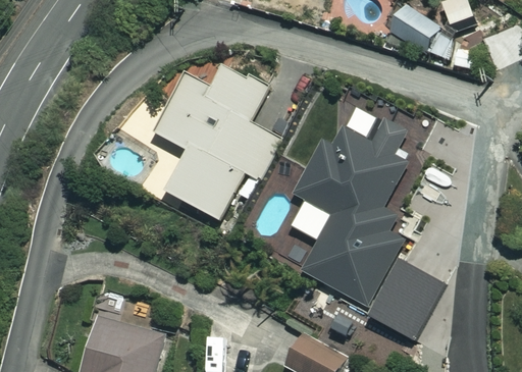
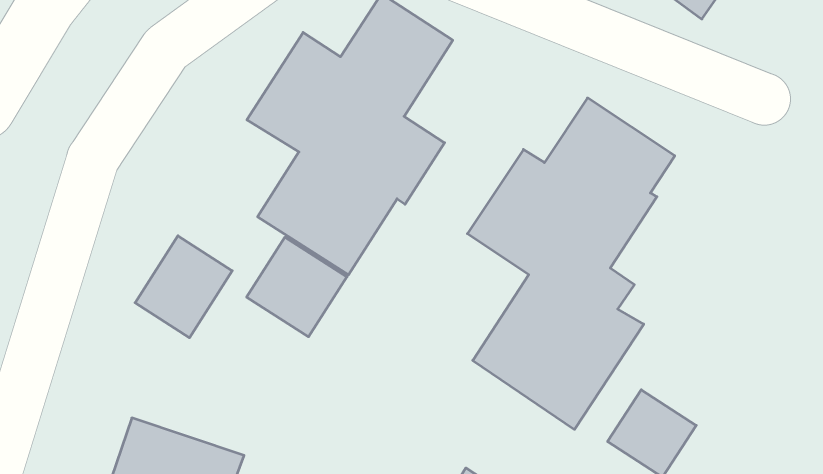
building: none -> [247,237,347,337]
building: none -> [135,236,232,338]

